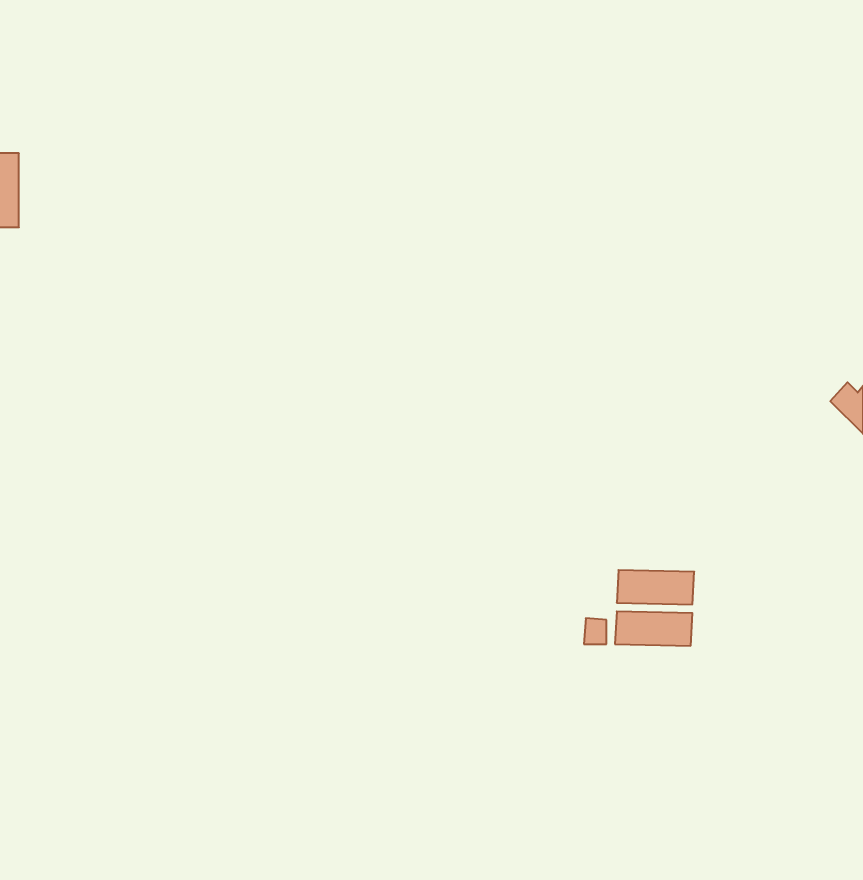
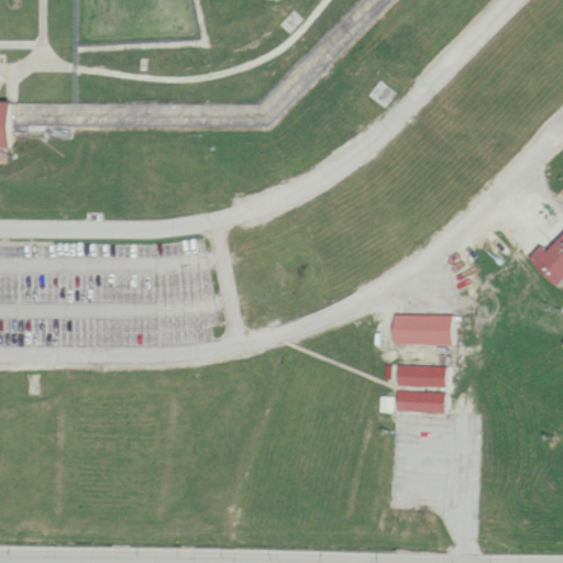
building: none -> [391,313,451,344]

